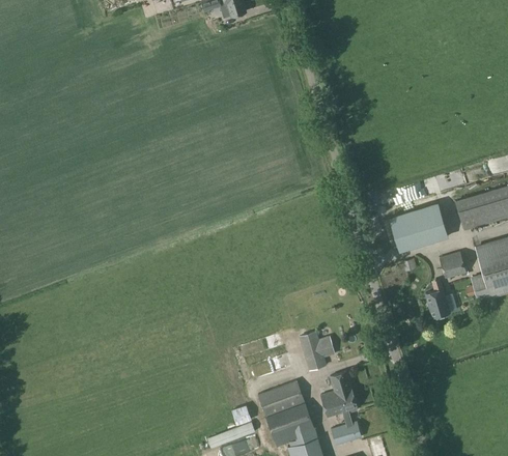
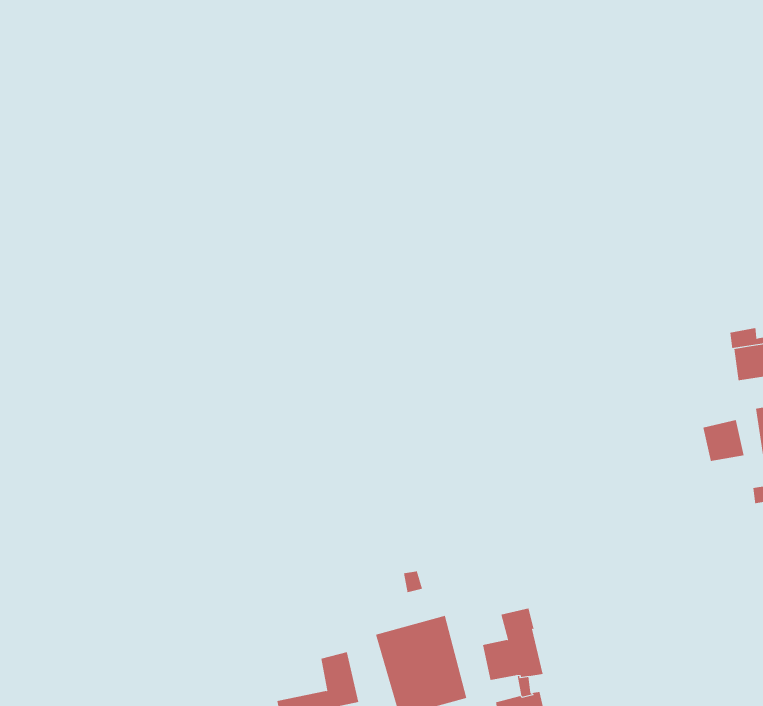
building: [389,202,448,252] -> none
building: [426,290,451,320] -> none
building: [300,333,324,369] -> none

